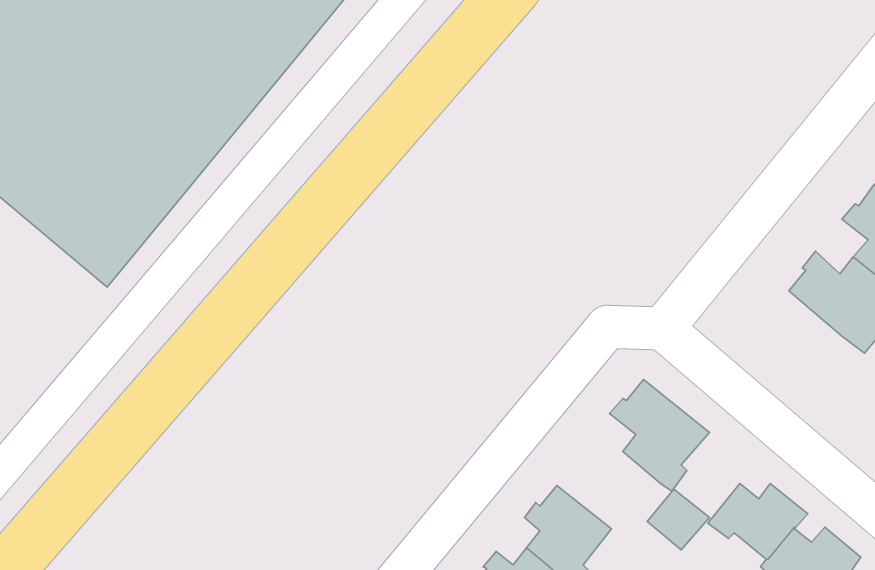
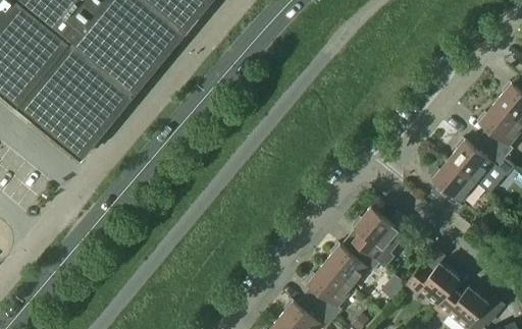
building: none -> [431,159,478,214]
building: none -> [324,242,380,287]

